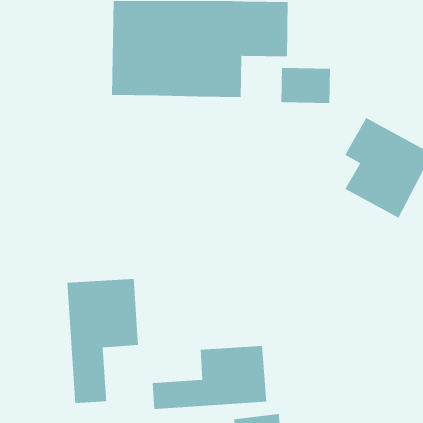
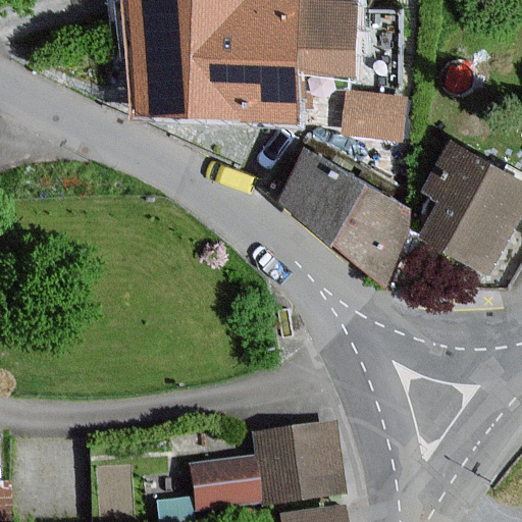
building: none -> [283,153,415,281]
building: [67,278,139,404] -> none

